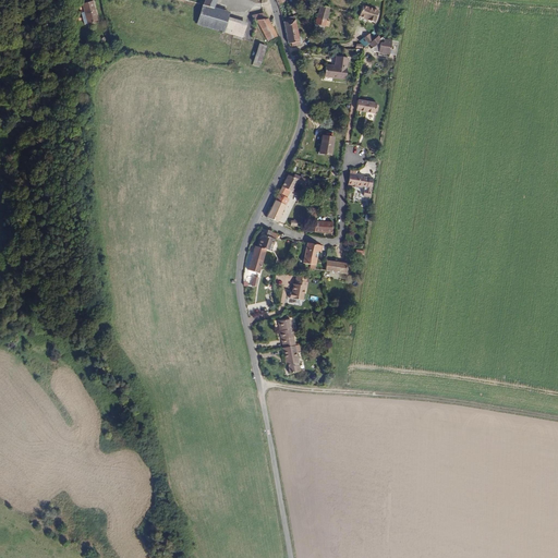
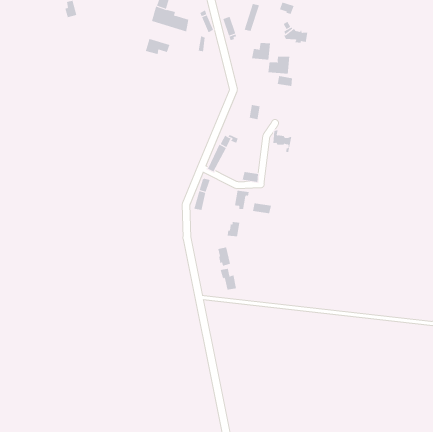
building: none -> [145,38,170,55]
building: none -> [268,56,290,75]

